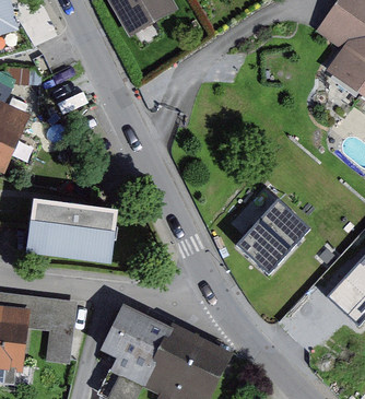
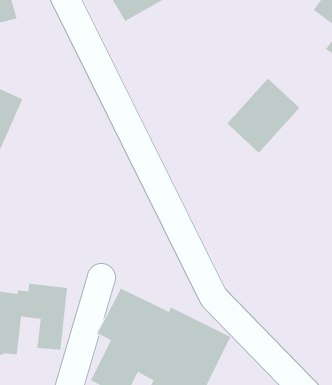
building: [17,196,116,262] -> none
building: [227,200,299,274] -> [226,78,300,154]

